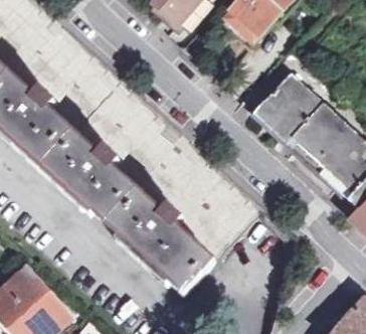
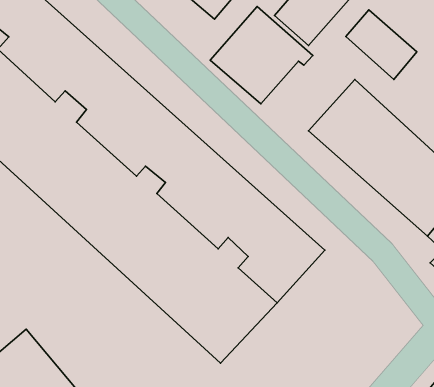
building: none -> [210,6,313,104]
building: none -> [346,10,417,80]

